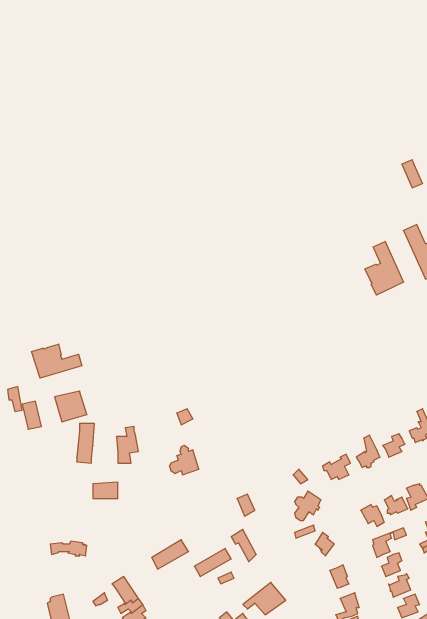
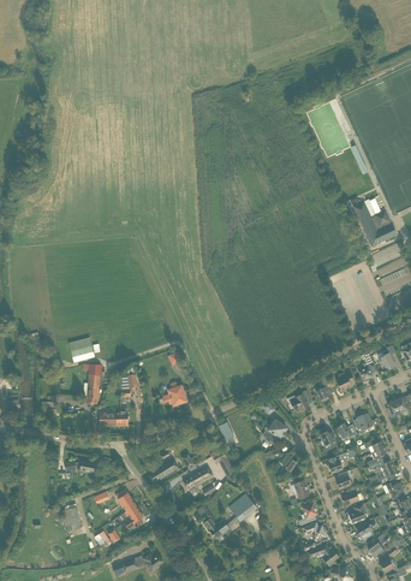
building: [365,241,404,295] -> none
building: [32,344,82,378] -> none

